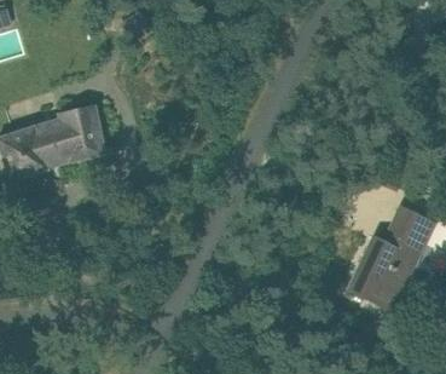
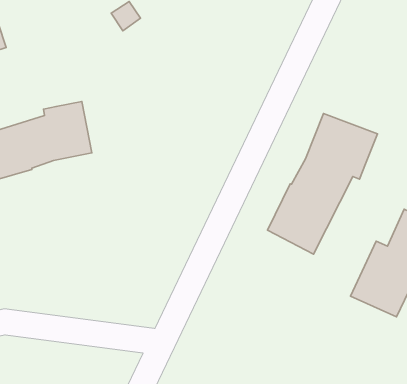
building: none -> [268,113,377,254]

